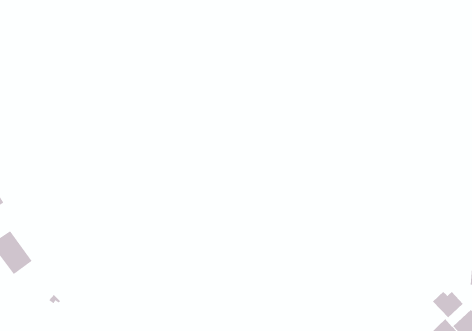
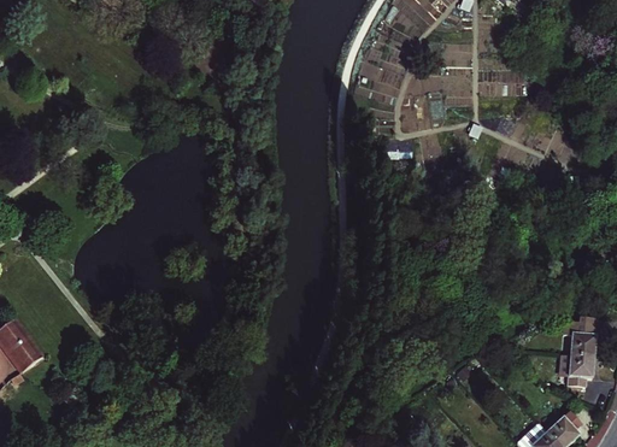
building: [432,291,463,318] -> none

